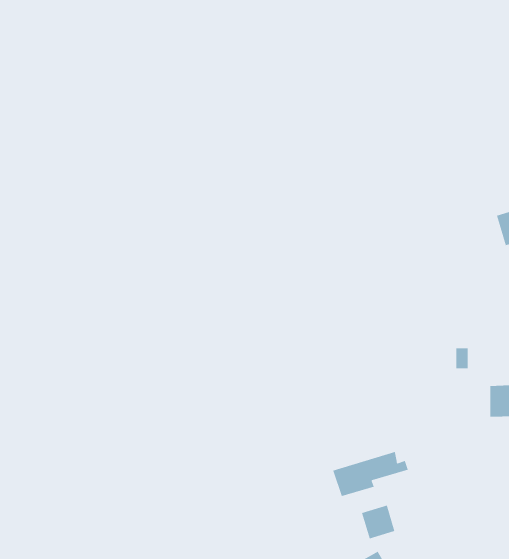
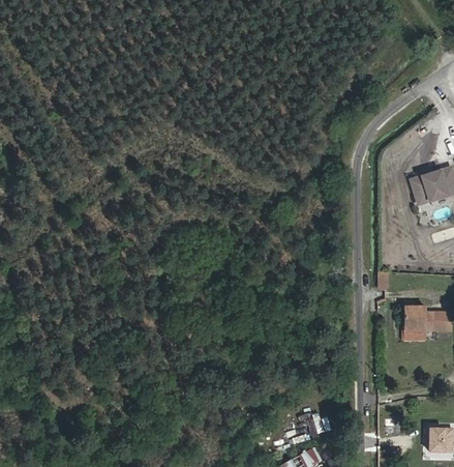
building: [332,451,409,497] -> none

